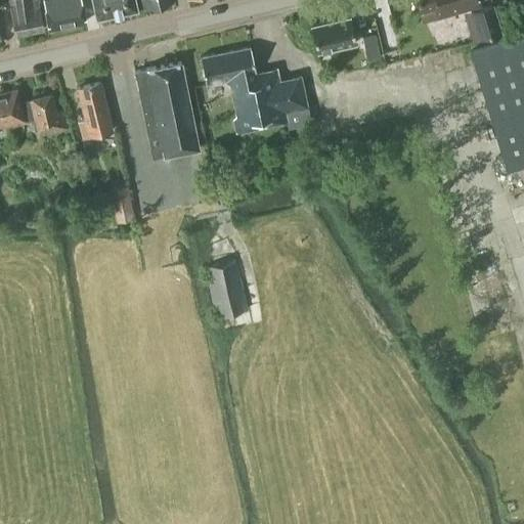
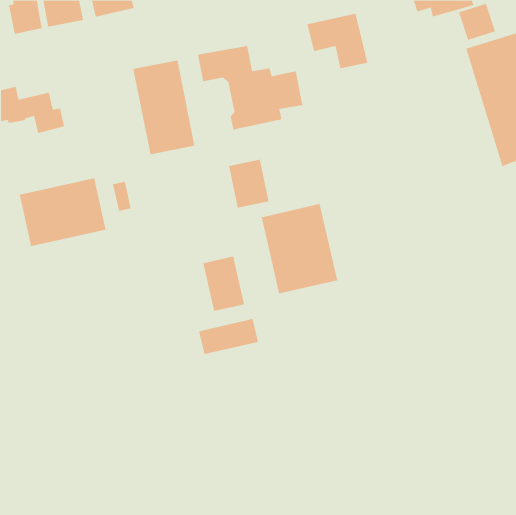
building: [78,83,113,139] -> none
building: none -> [229,159,269,208]
building: none -> [19,178,106,247]
building: none -> [261,203,338,294]
building: none -> [198,318,259,355]

